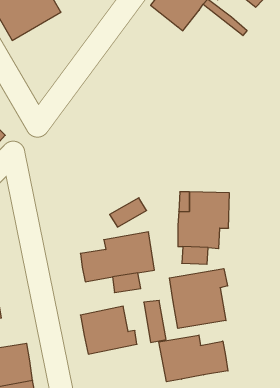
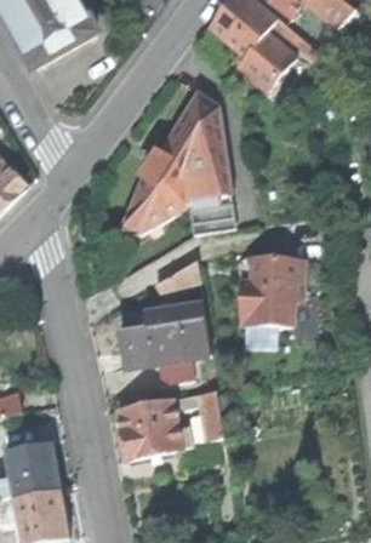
building: none -> [232,30,296,90]
building: none -> [120,92,235,240]
building: [169,269,228,328] -> none
building: [159,335,228,382] -> none

